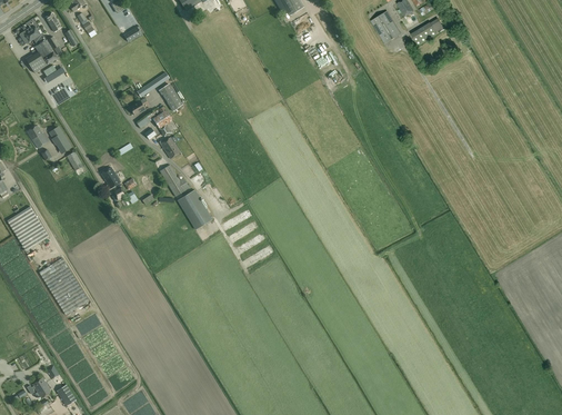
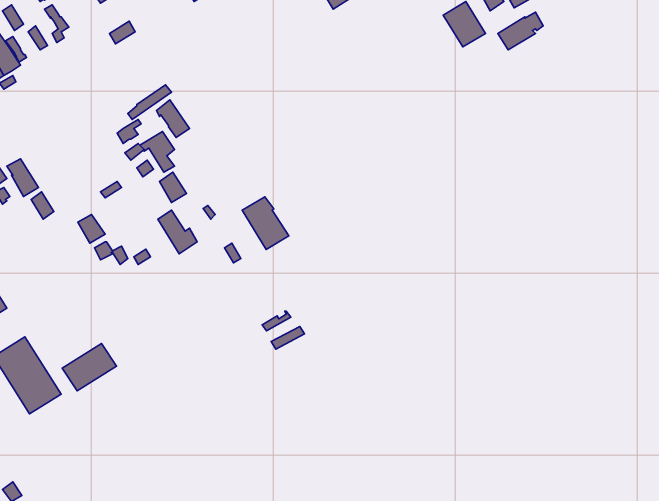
building: [178,190,212,229] -> [242,197,289,250]
building: none -> [62,343,116,391]

